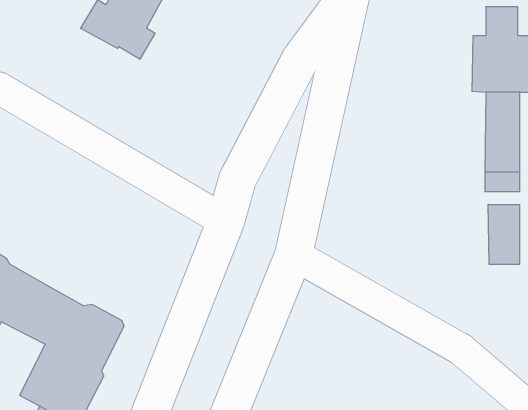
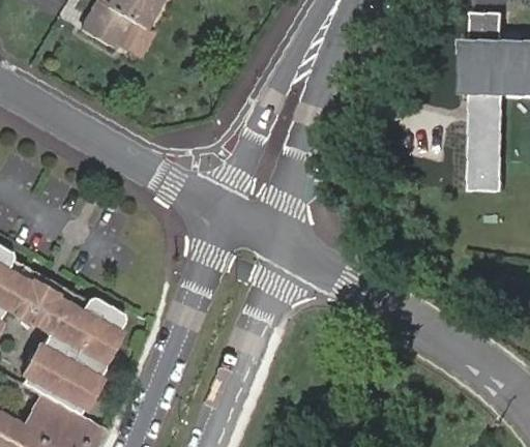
building: [488,204,519,265] -> none

